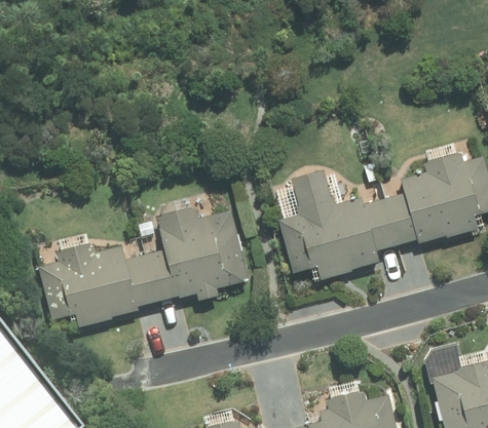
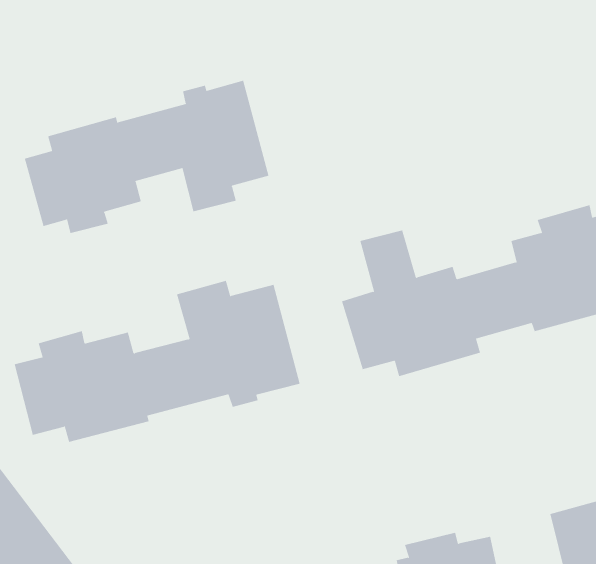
building: none -> [24,80,269,234]

